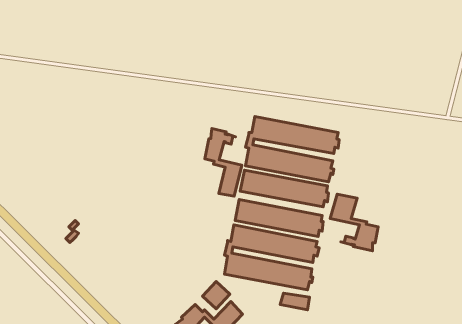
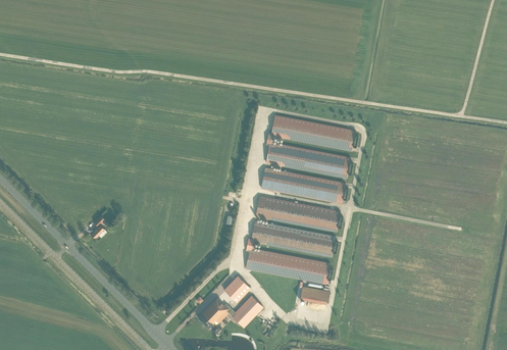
building: [205,128,242,196] -> none
building: [330,194,378,251] -> none

